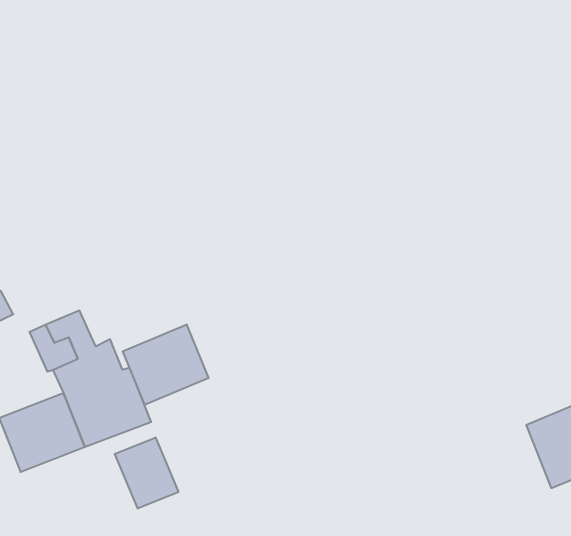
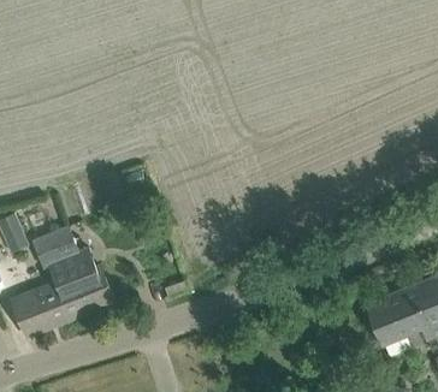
building: [123,324,208,405] -> none
building: [115,437,178,509] -> none

